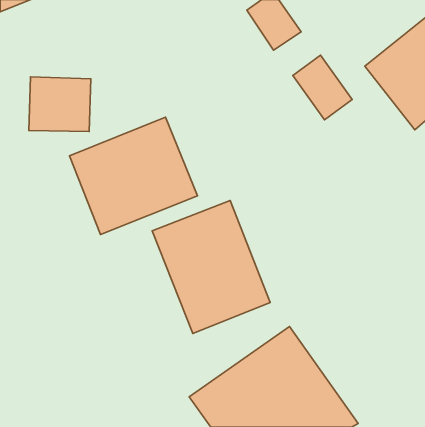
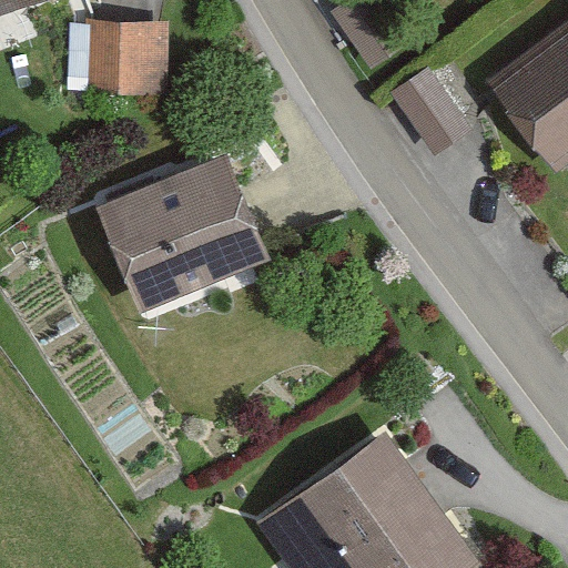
building: [29,77,91,131] -> [84,24,166,97]
building: [152,201,270,334] -> none

